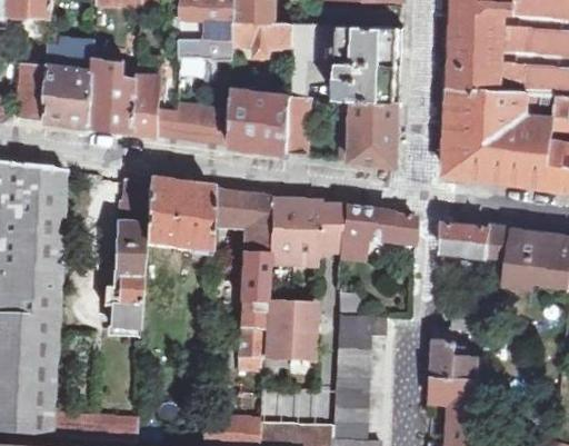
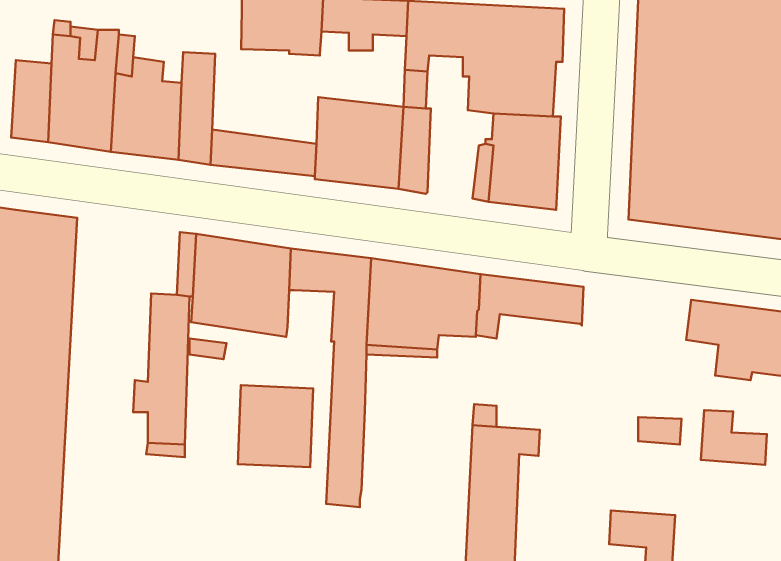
building: [442,221,490,267] -> none
building: [262,305,315,361] -> [238,385,313,467]
building: [435,339,480,377] -> [701,410,767,465]

